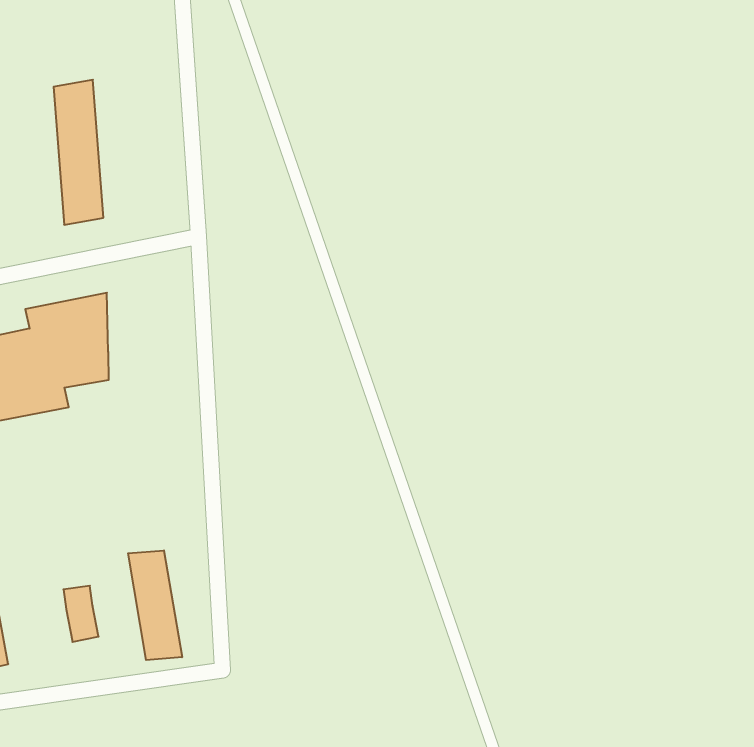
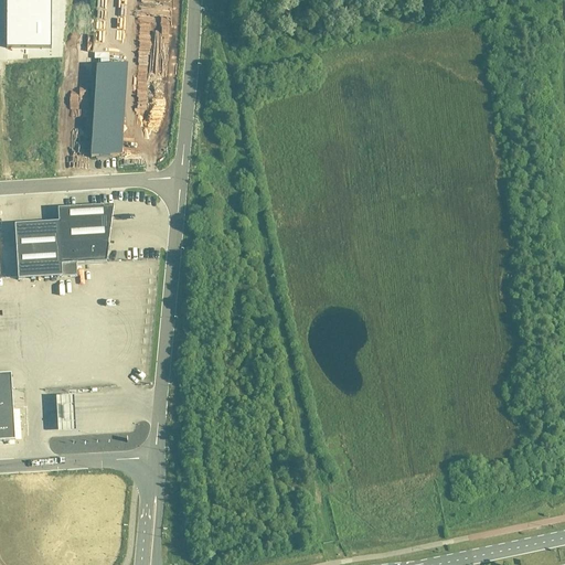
building: [128,550,182,660] -> none

